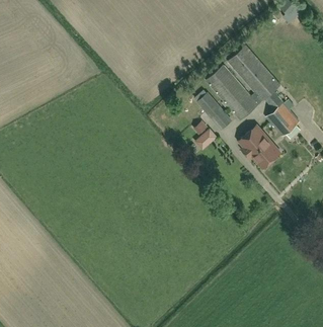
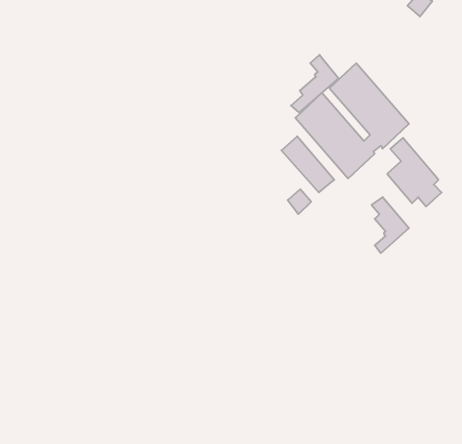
building: none -> [291,55,339,113]
building: [238,126,264,164] -> none

